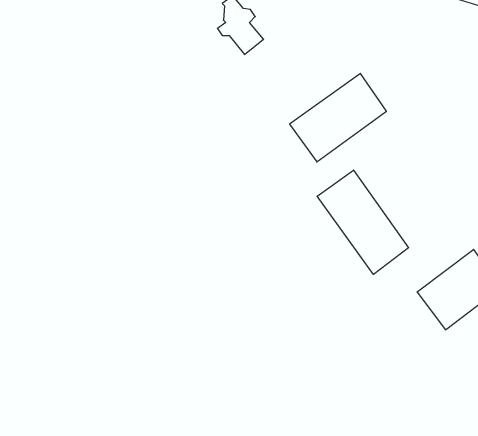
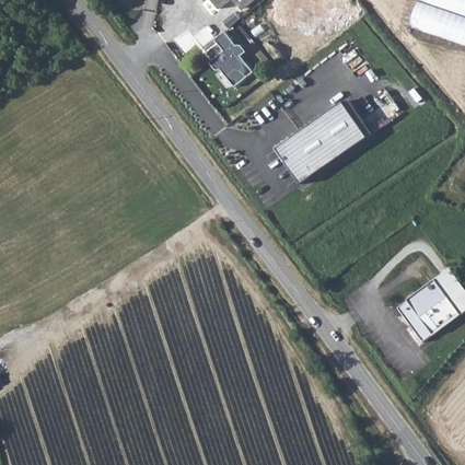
building: [317,170,409,274] -> none

